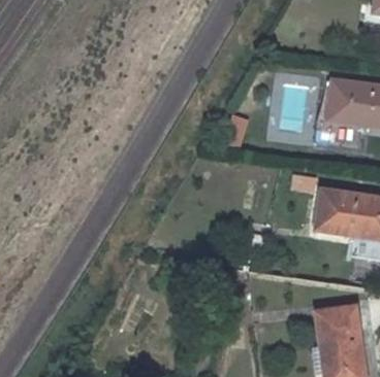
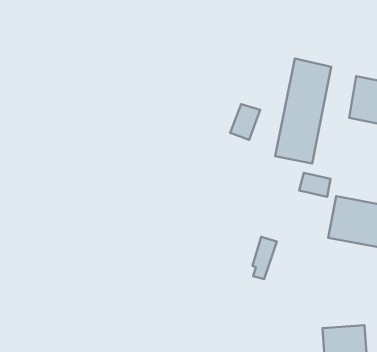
building: none -> [275,58,331,163]

